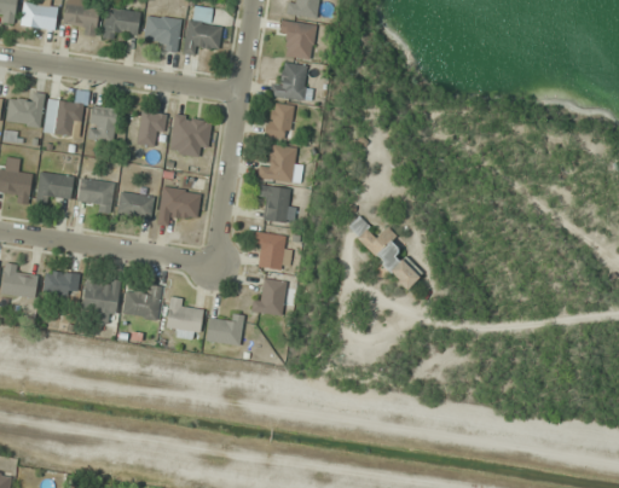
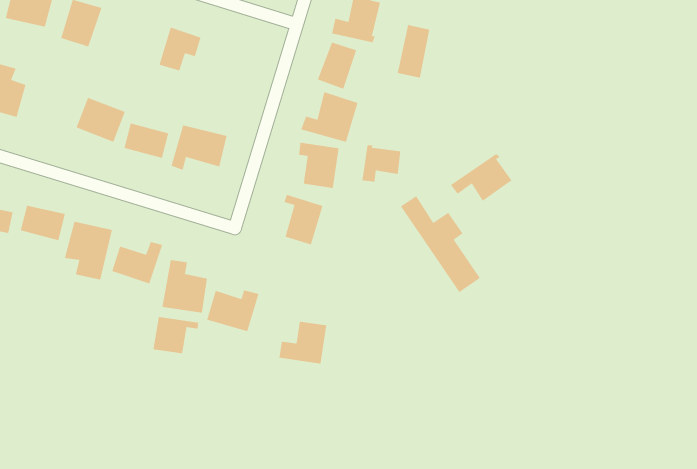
building: none -> [397,24,430,79]
building: [87,105,116,141] -> none
building: [169,115,212,156] -> none
building: [36,173,71,203] -> none
building: none -> [450,153,512,202]
building: none -> [361,145,401,183]
building: [251,280,287,313] -> [279,321,327,365]
building: none -> [153,316,199,354]

